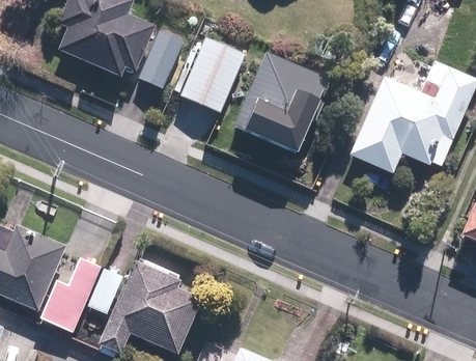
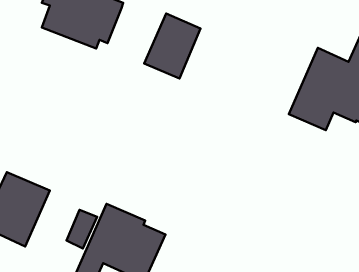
building: [138,29,184,87] -> none
building: [233,50,334,155] -> none
building: [43,257,100,330] -> none

